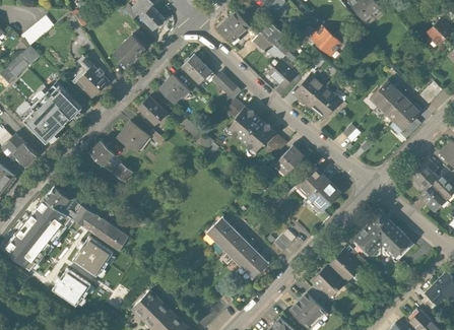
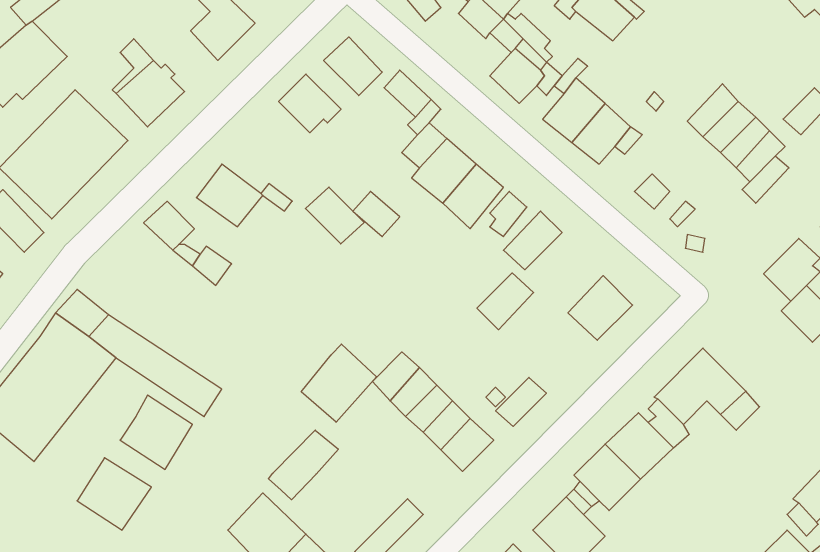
building: [137,96,168,126] -> [305,187,364,244]
building: [297,168,326,197] -> [477,273,534,330]
building: none -> [301,344,377,422]
building: none -> [268,430,338,500]

